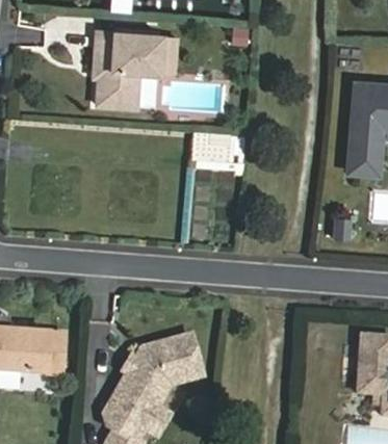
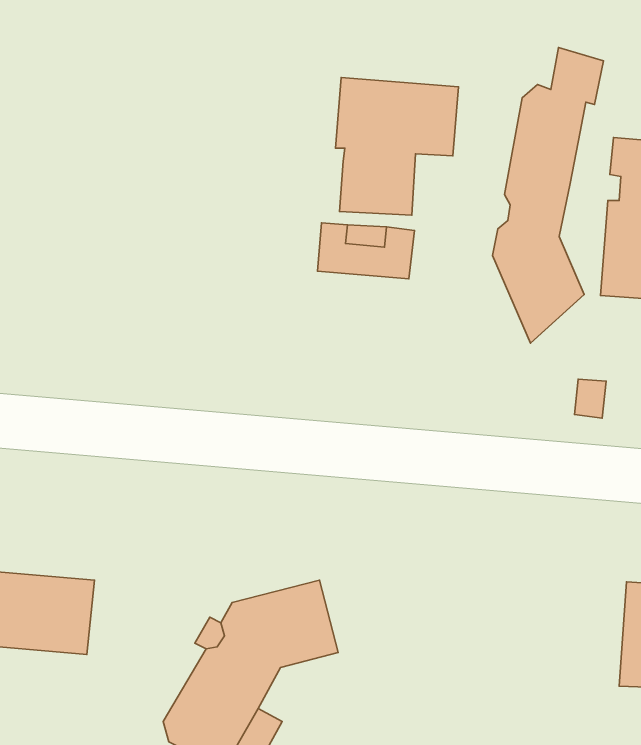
building: [94,30,162,107] -> [336,78,458,215]
building: none -> [492,47,603,343]

